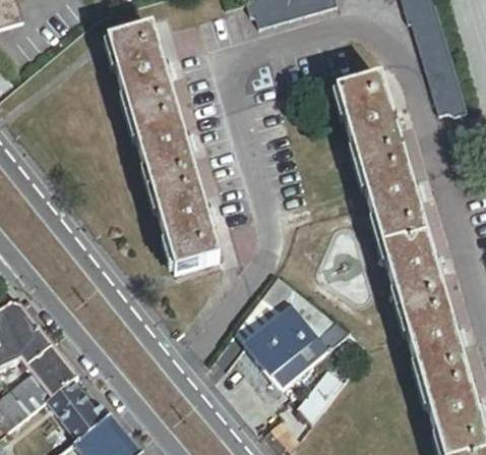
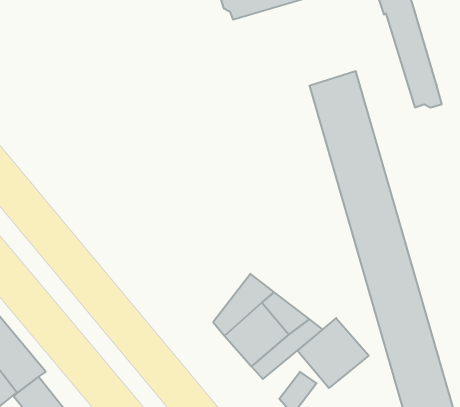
building: [108,26,221,274] -> none
building: none -> [297,318,369,388]

